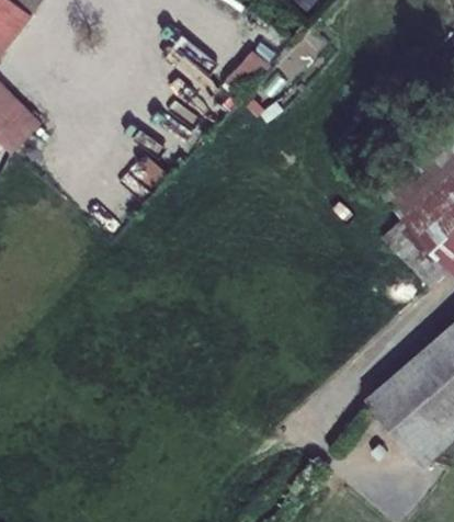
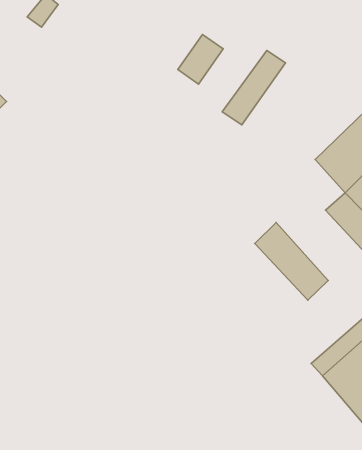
building: none -> [222,51,285,125]
building: none -> [255,223,328,300]

